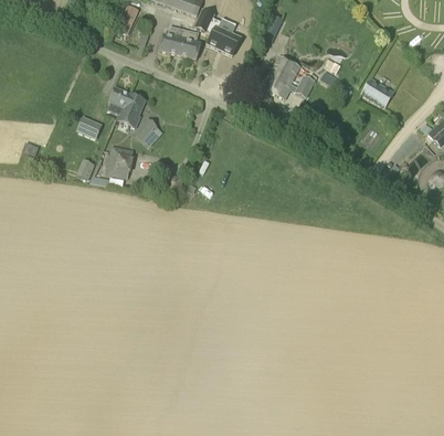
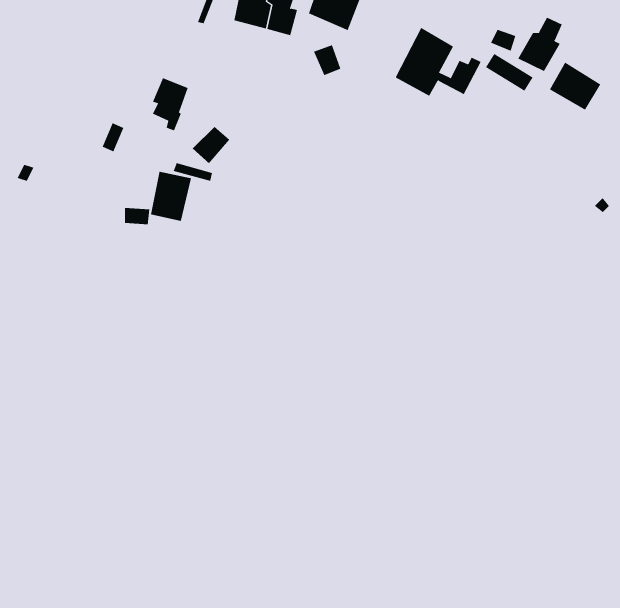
building: none -> [518,17,562,72]
building: [123,94,146,128] -> none

